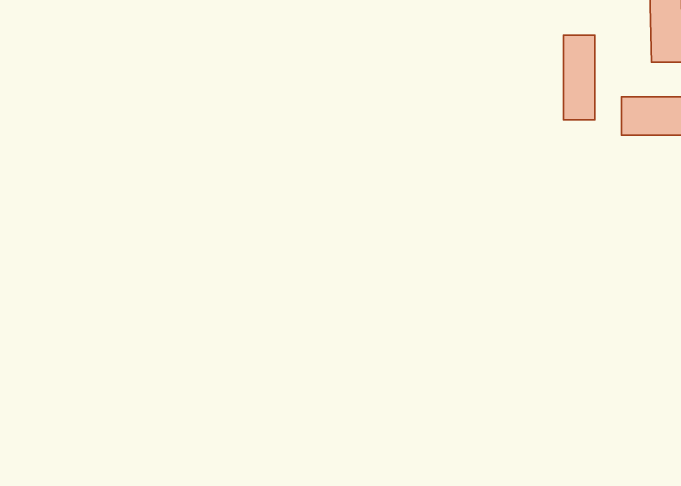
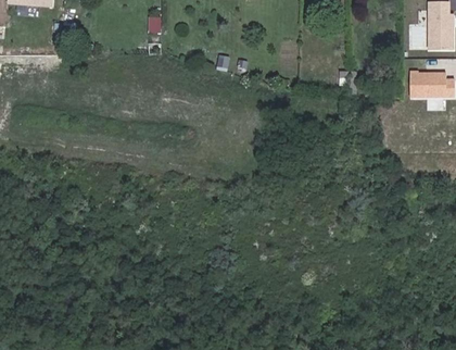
building: [563,35,595,120] -> none

